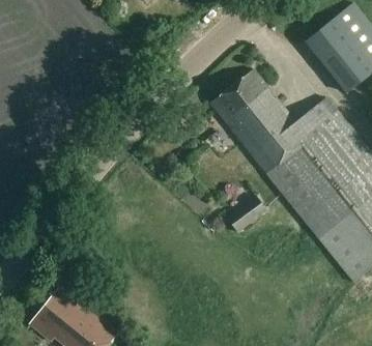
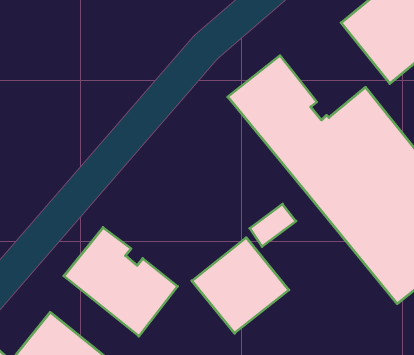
building: none -> [64,227,178,336]
building: none -> [192,238,289,333]

